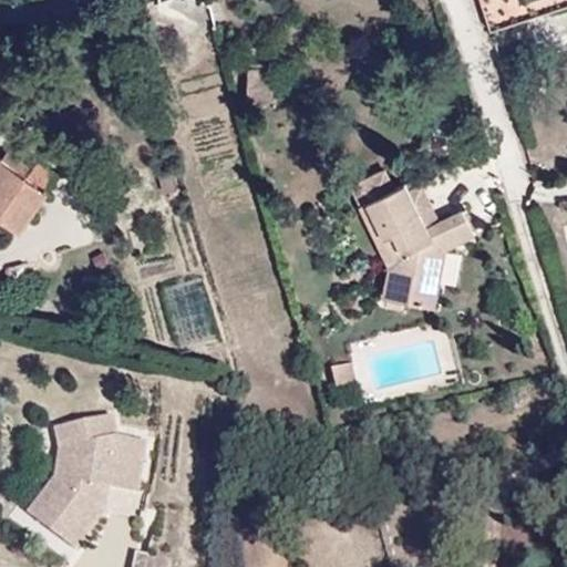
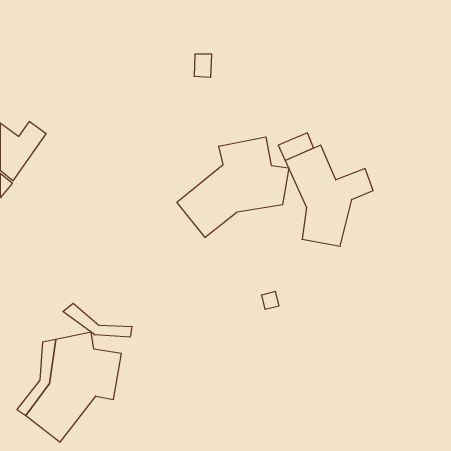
building: none -> [177,137,289,238]
building: none -> [63,303,132,337]

